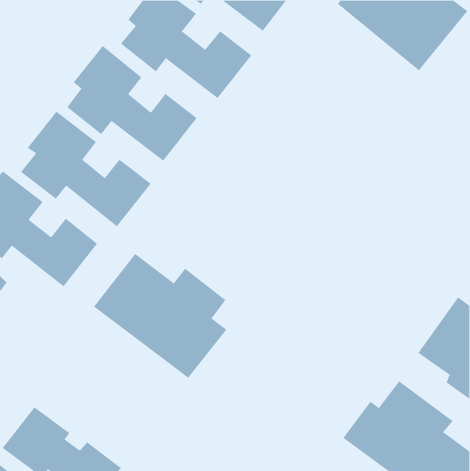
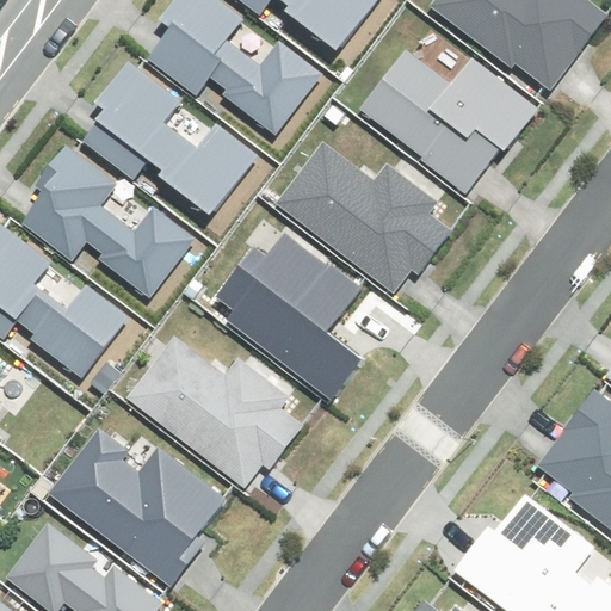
building: none -> [359,42,538,195]
building: none -> [272,144,449,289]
building: none -> [221,241,363,400]
building: none -> [47,432,226,587]

